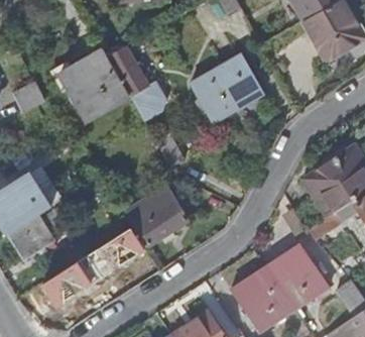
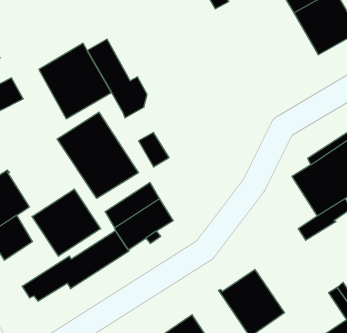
building: [193,57,263,121] -> none
building: none -> [57,112,138,198]
building: none -> [32,189,101,256]
building: [267,243,329,309] -> none

